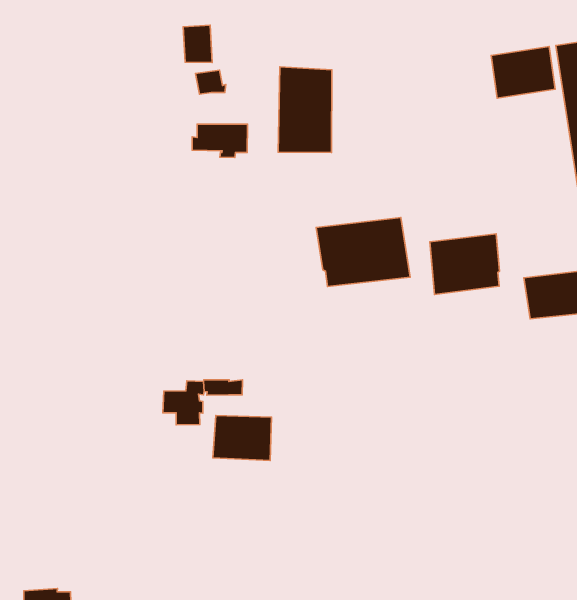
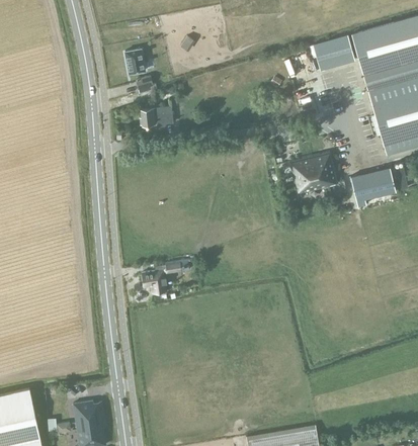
building: [278,67,332,153] -> none
building: [316,217,410,287] -> none
building: [213,416,272,461] -> none

